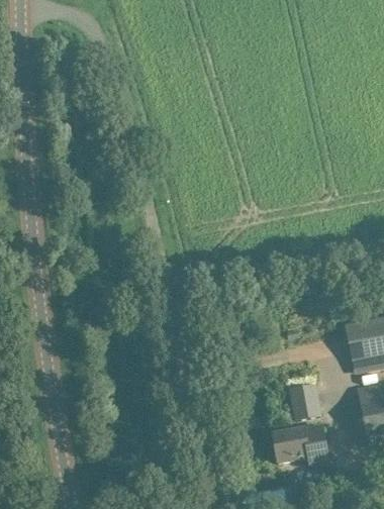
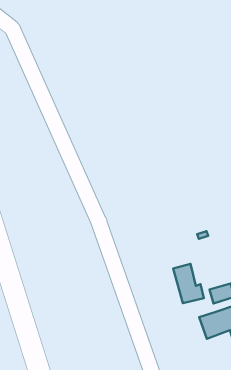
building: none -> [173,264,204,303]

